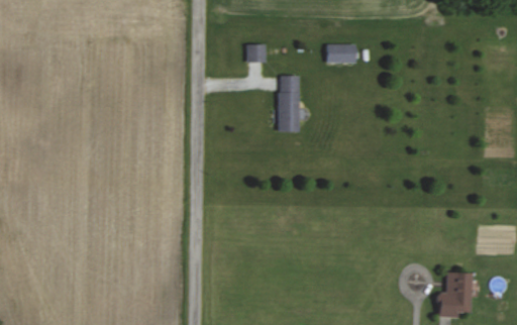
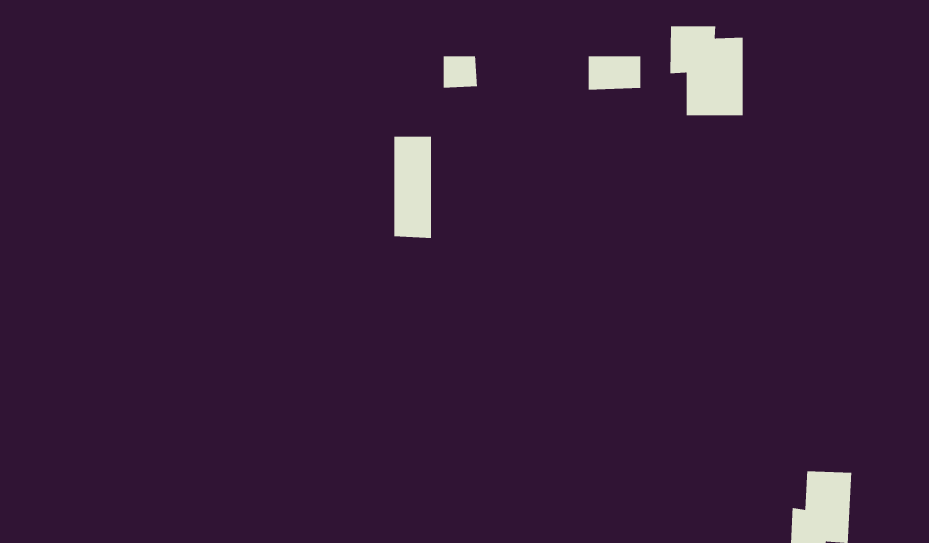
building: none -> [670,26,743,116]
building: [279,76,300,132] -> [393,136,432,239]

